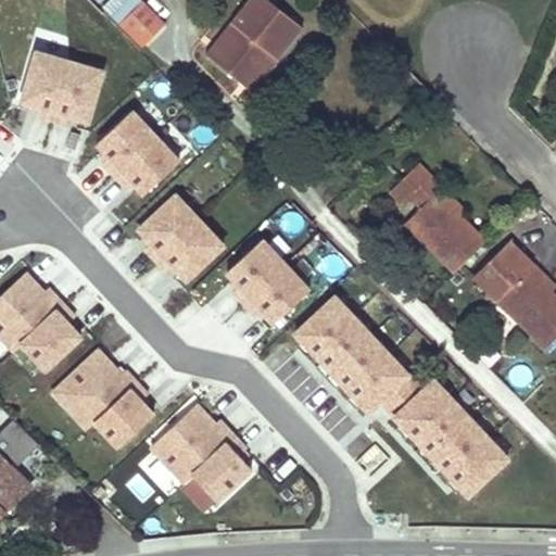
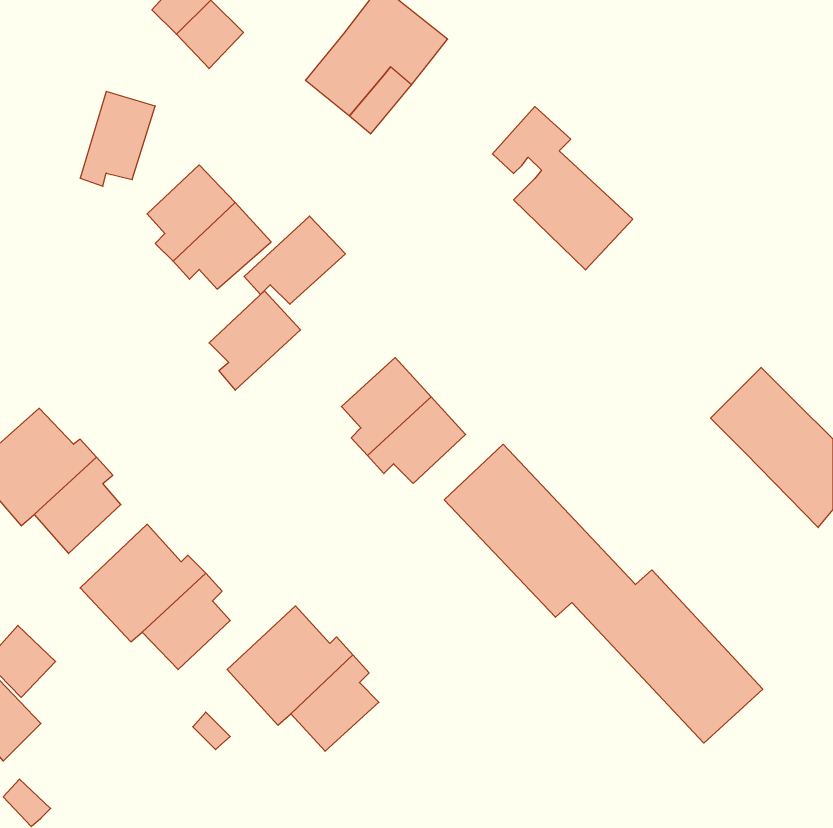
building: [22,50,71,118] -> none
building: [390,166,483,275] -> [492,107,633,270]
building: [156,219,224,278] -> [244,216,345,304]

